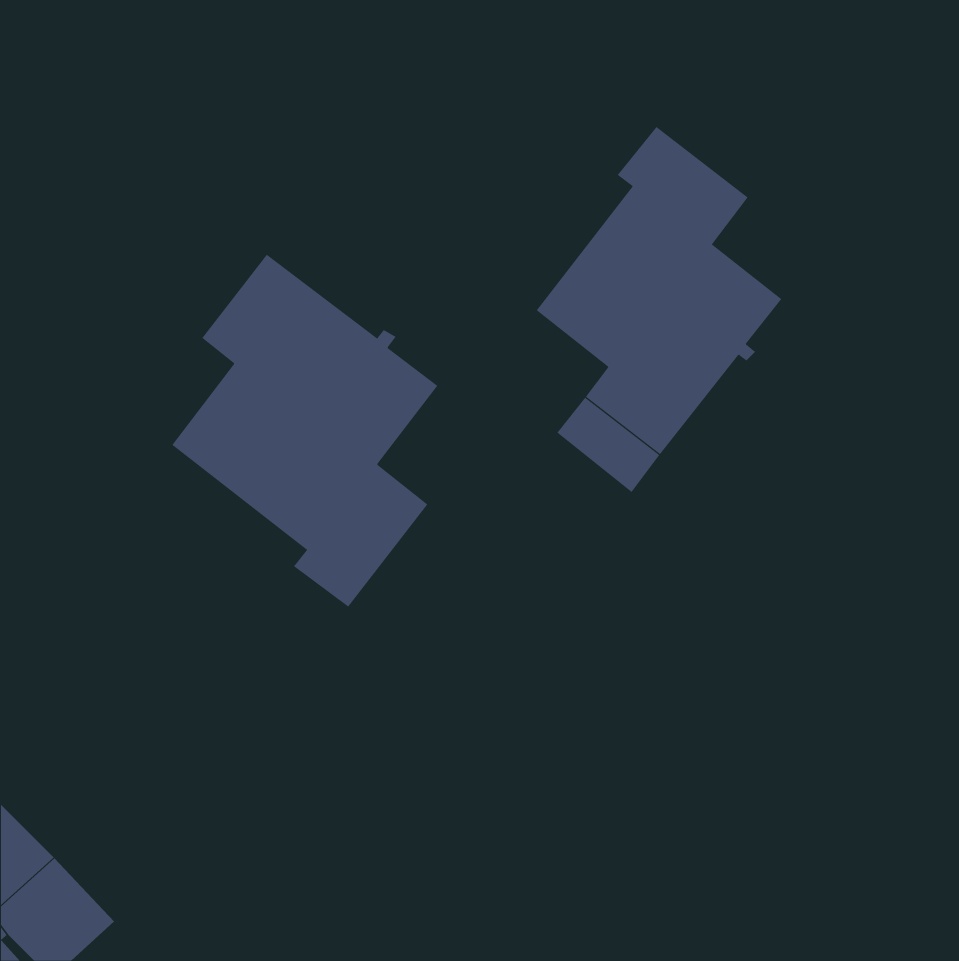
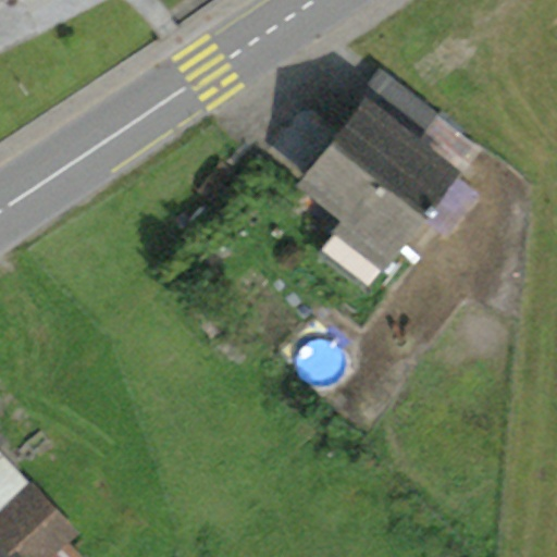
building: [171,254,438,607] -> none

